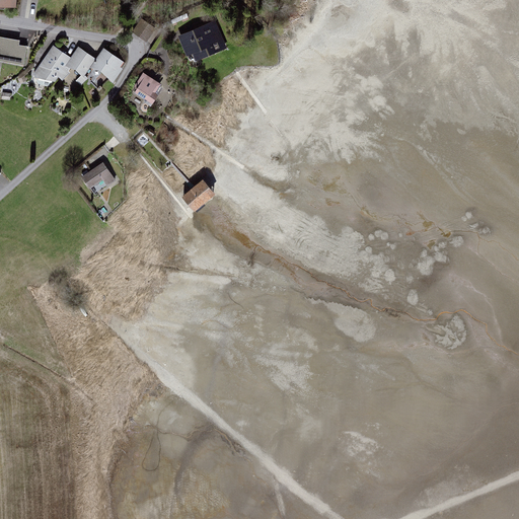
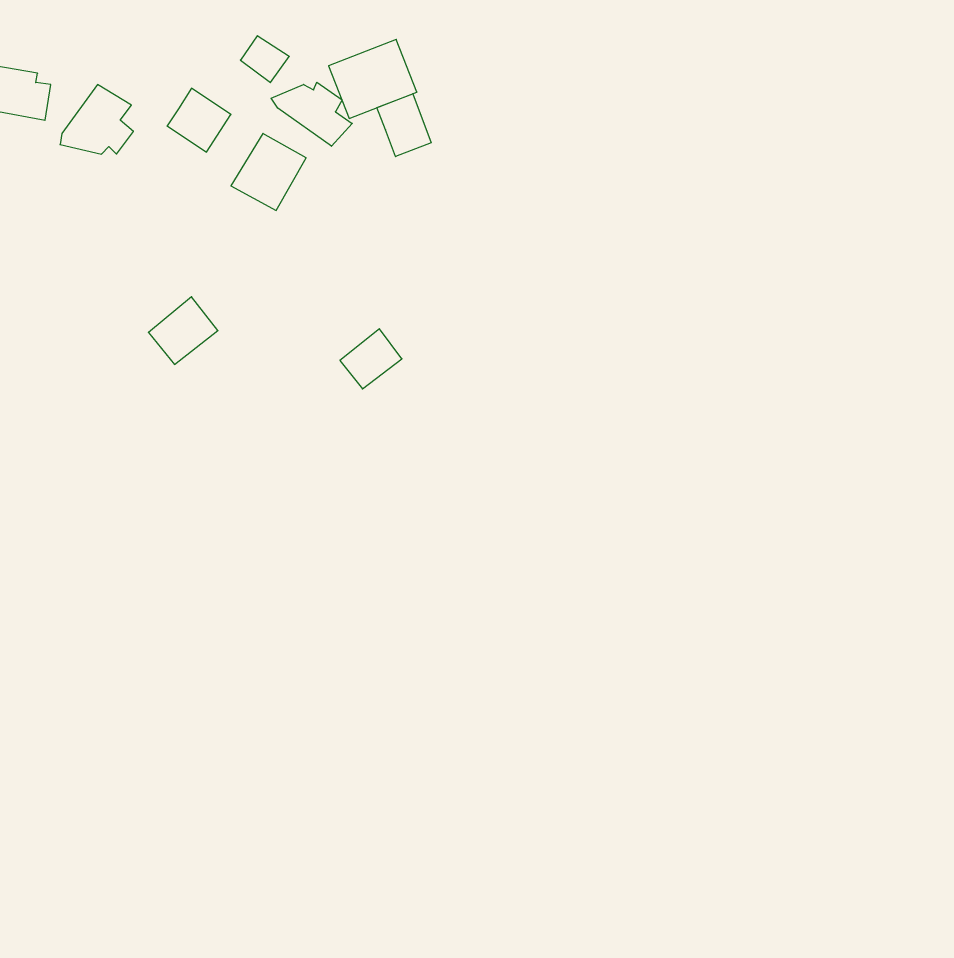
building: none -> [271,82,352,146]
building: [65,46,96,77] -> none
building: none -> [377,94,431,157]

